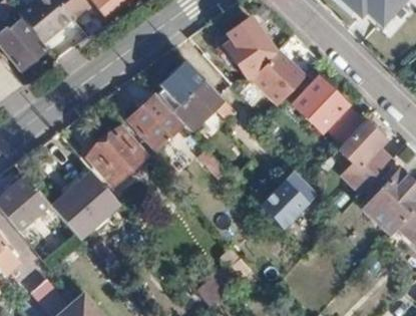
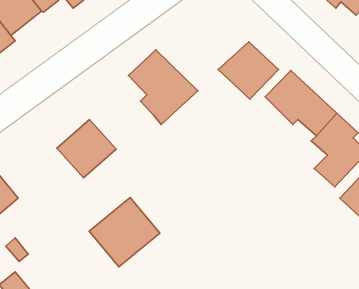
building: [219,22,267,76] -> none
building: [127,91,183,147] -> none
building: [50,170,119,238] -> [89,197,160,267]
building: [257,170,317,228] -> none

